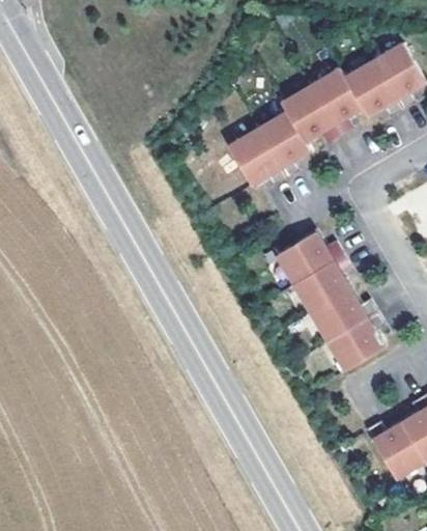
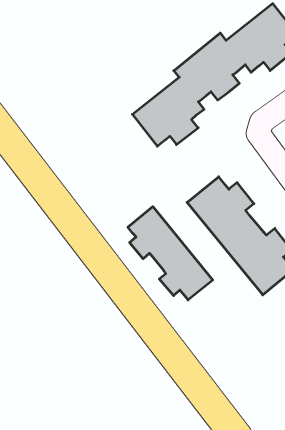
building: none -> [128,207,213,300]

